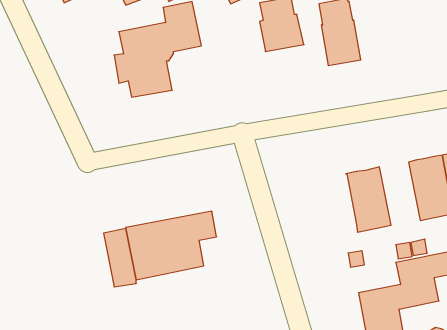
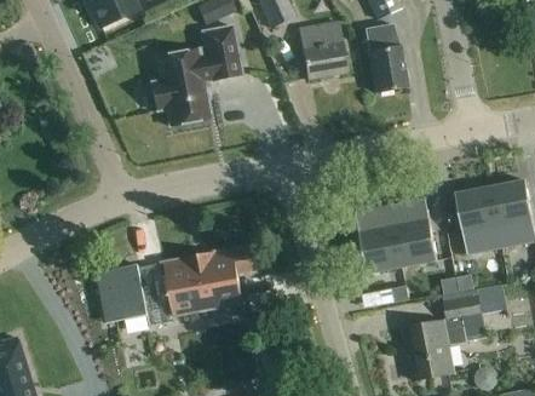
building: none -> [357,205,403,272]
building: none -> [96,263,148,321]

